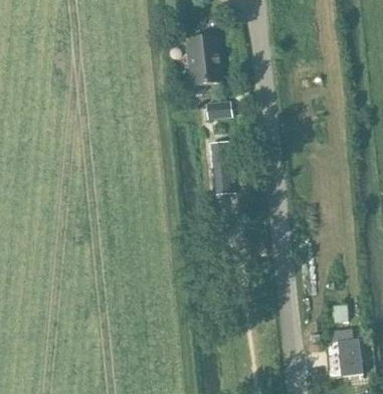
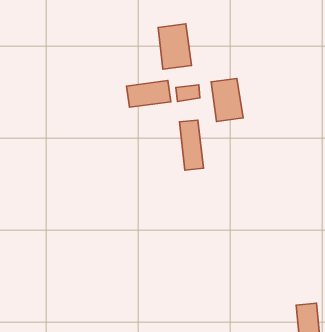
building: none -> [211,79,243,122]
building: none -> [126,81,171,107]

